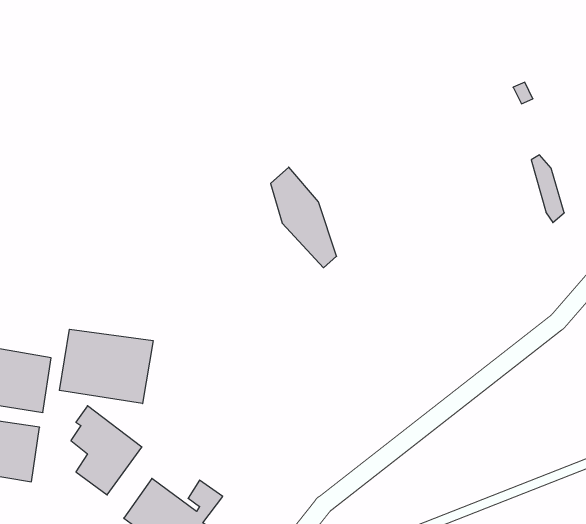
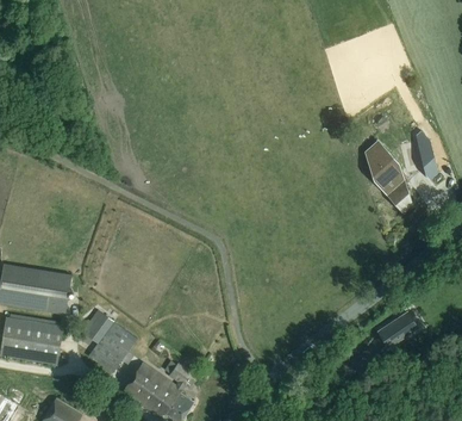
building: [271,167,337,268] -> [367,136,414,209]
building: [59,329,153,404] -> none
building: none -> [379,310,418,343]

